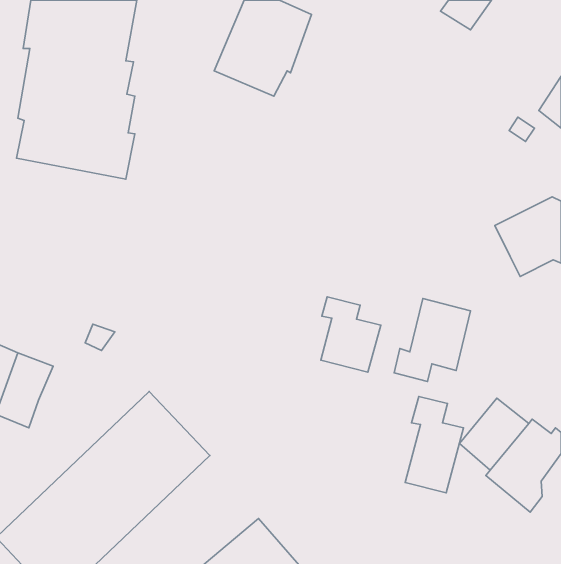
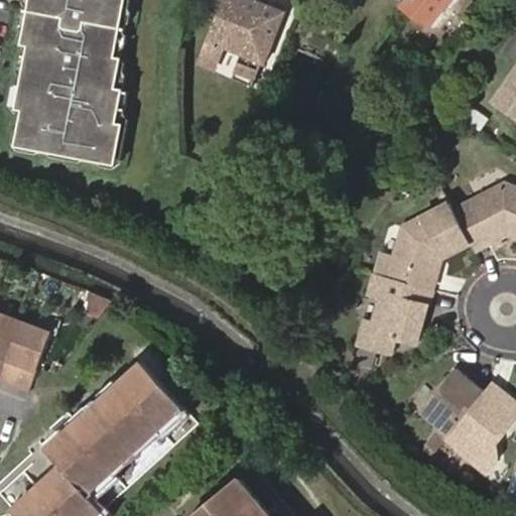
building: none -> [386,196,466,284]
building: [321,297,381,372] -> none
building: [405,397,464,493] -> none

